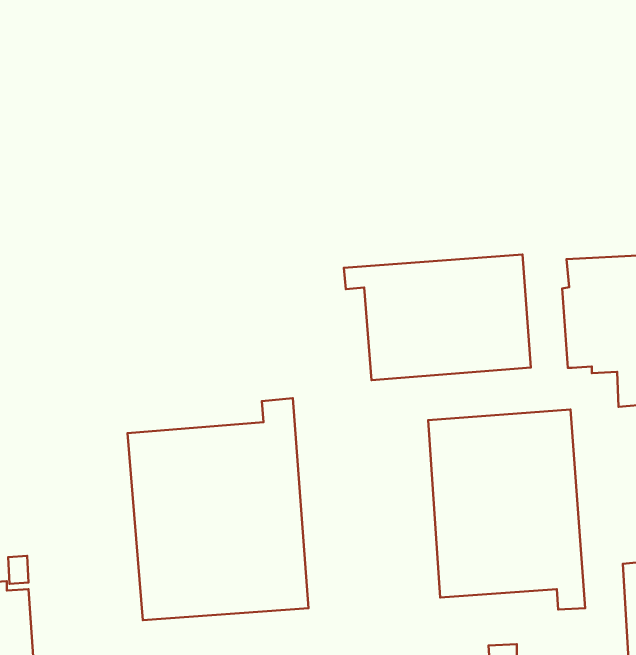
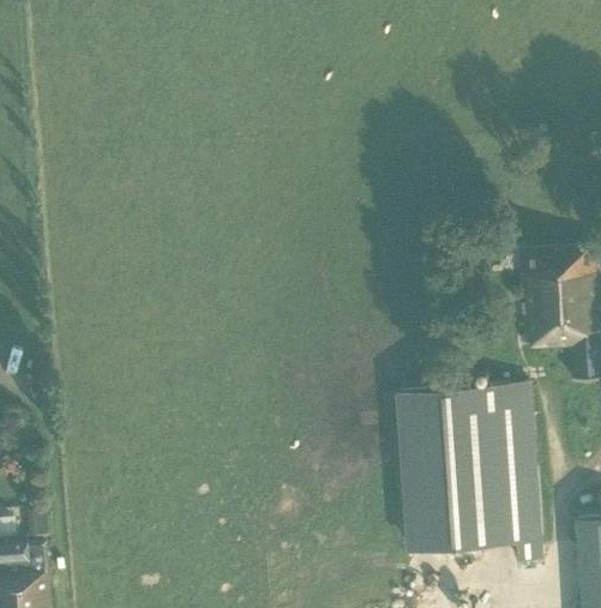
building: [344,255,531,380] -> none
building: [128,398,309,620] -> none

